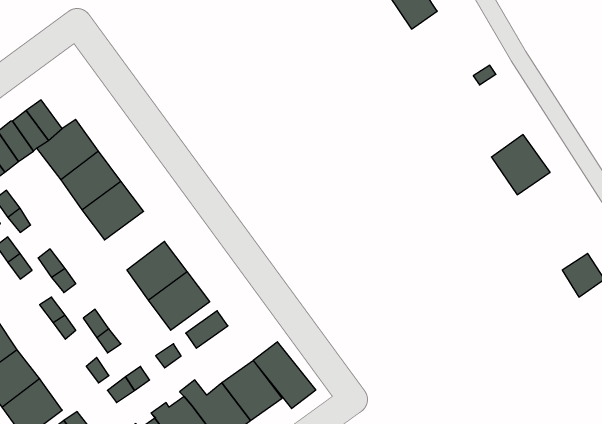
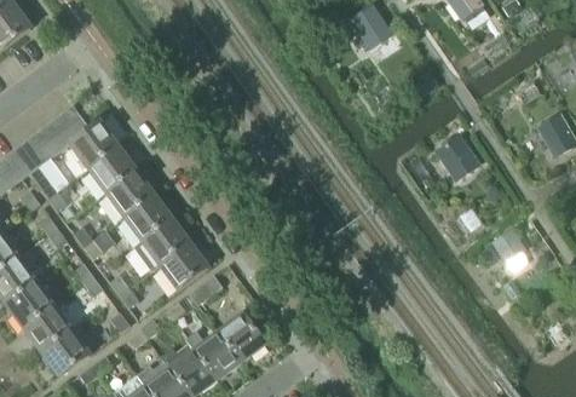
building: none -> [123,195,172,242]
building: [253,342,316,409] -> none

